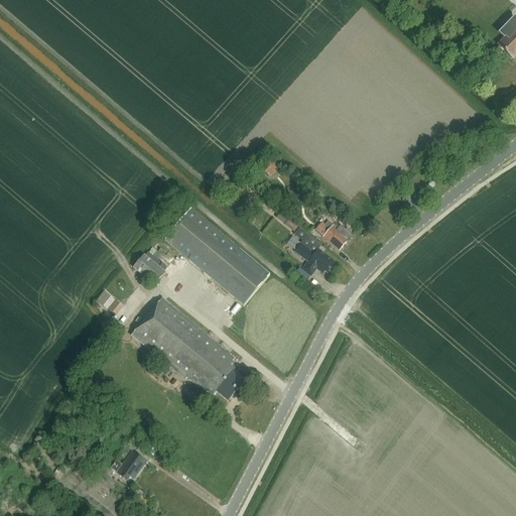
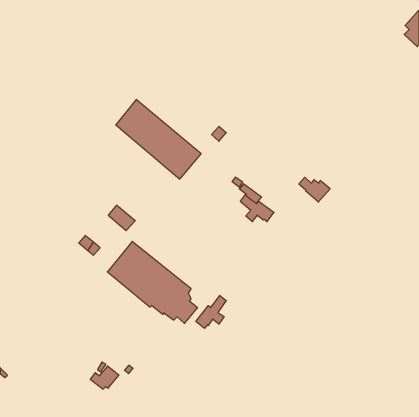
building: [166,208,271,305] -> [116,100,201,179]
building: [314,219,353,249] -> [299,177,330,202]
building: none -> [196,295,226,328]

